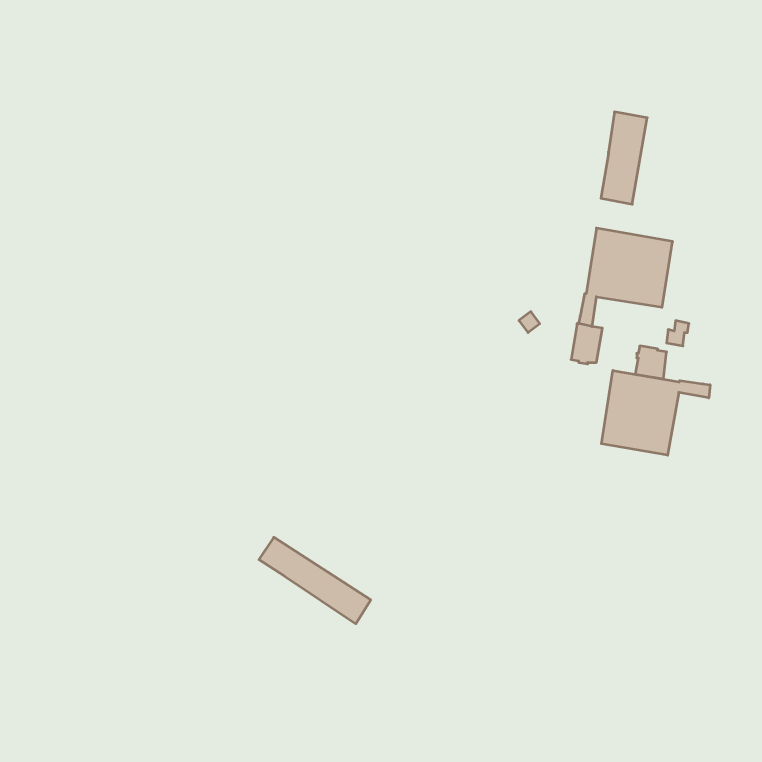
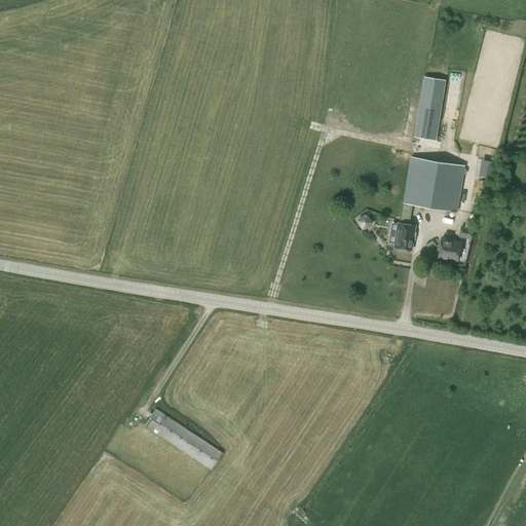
building: [601,370,710,455] -> none
building: [259,537,371,624] -> [145,409,222,468]

